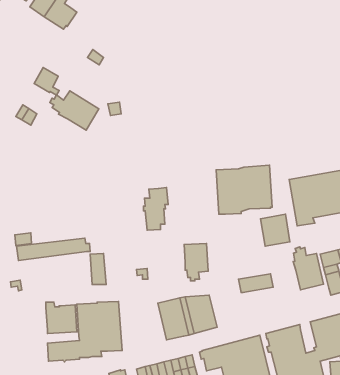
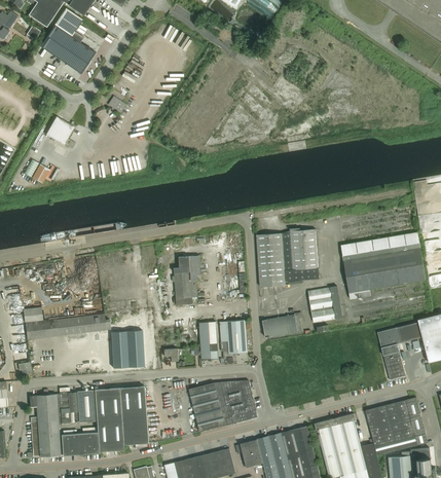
building: [50,91,99,130] -> none
building: none -> [198,322,217,360]
building: [293,247,323,290] -> none
building: none -> [125,330,143,367]
building: [239,274,273,293] -> [261,315,301,336]
building: none -> [29,390,61,457]

